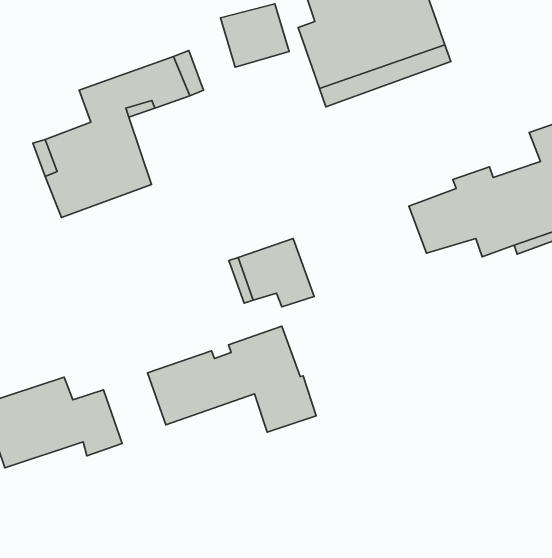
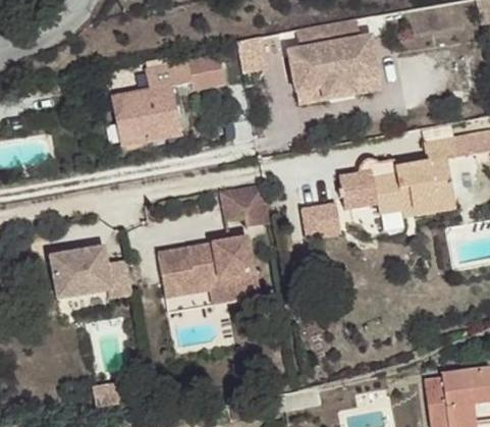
building: none -> [304,199,345,236]
building: none -> [163,277,226,305]

